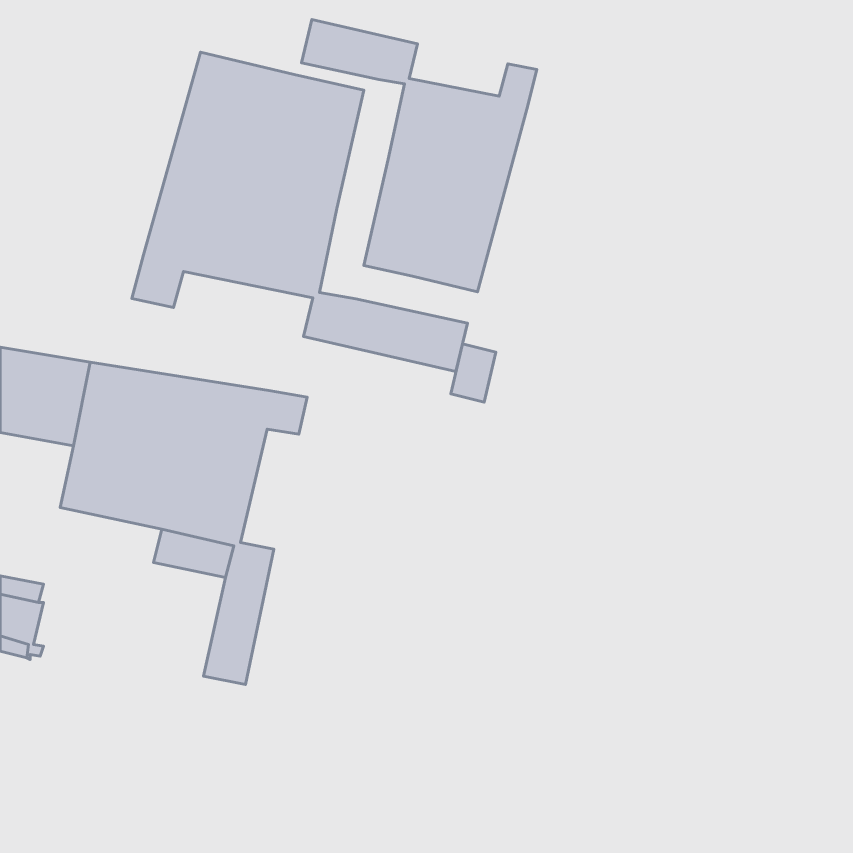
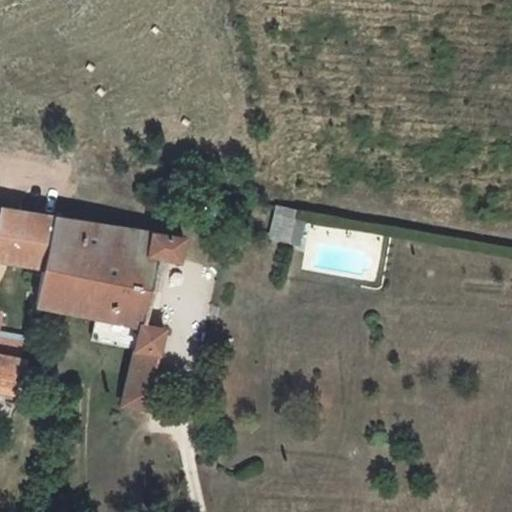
building: [301,20,537,292] -> none
building: [132,52,467,371] -> none

